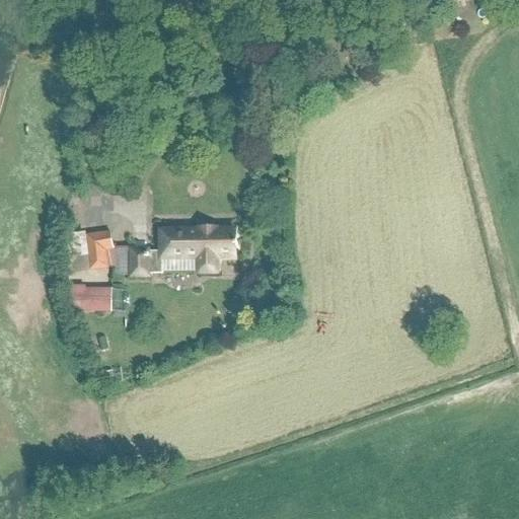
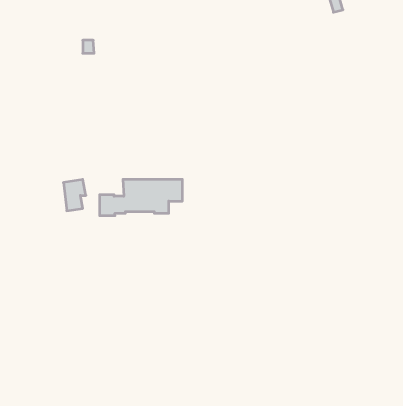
building: [68,282,112,310] -> none

